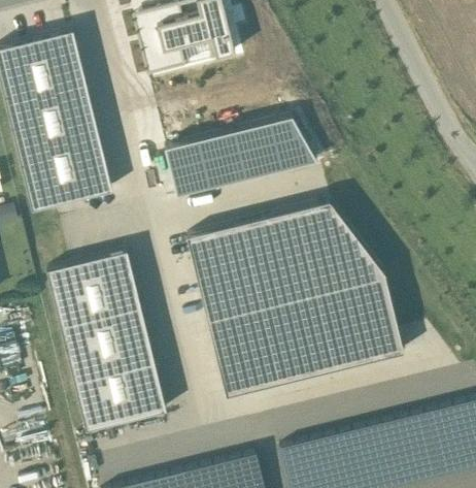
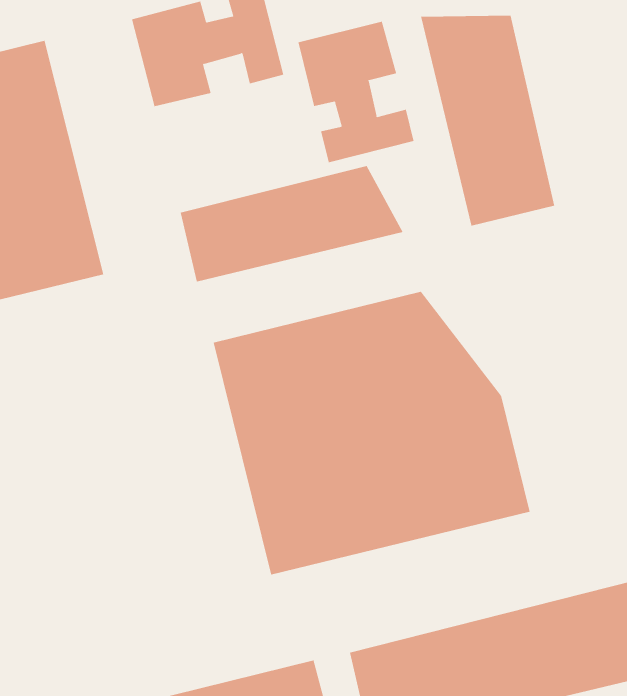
building: none -> [421,15,555,226]
building: none -> [298,21,414,163]
building: [47,252,167,432] -> none

